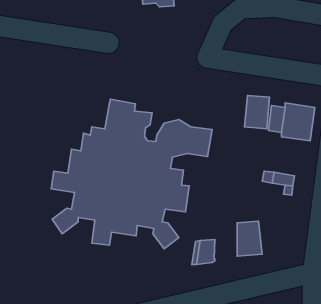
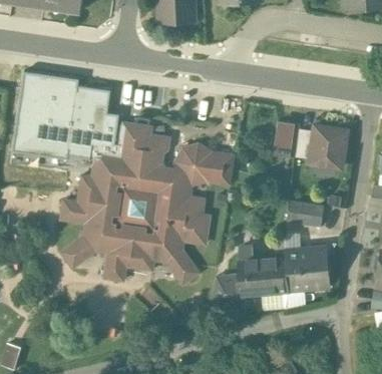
building: none -> [12,71,124,162]
building: none -> [286,246,331,291]
building: none -> [238,247,263,296]

